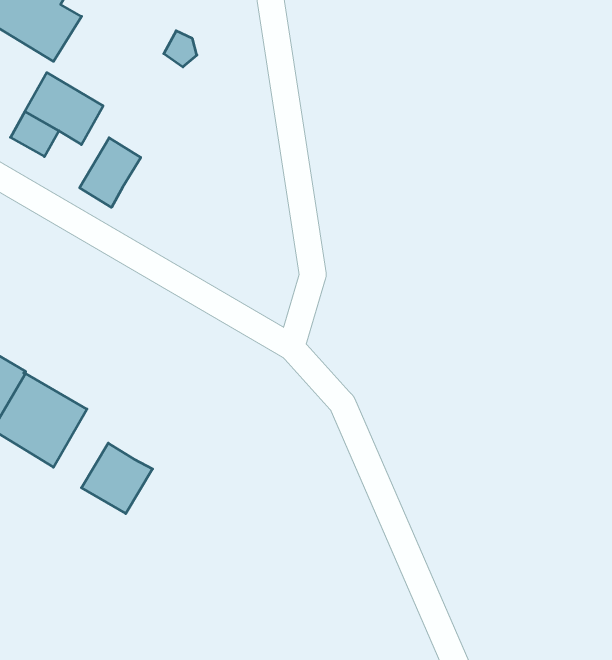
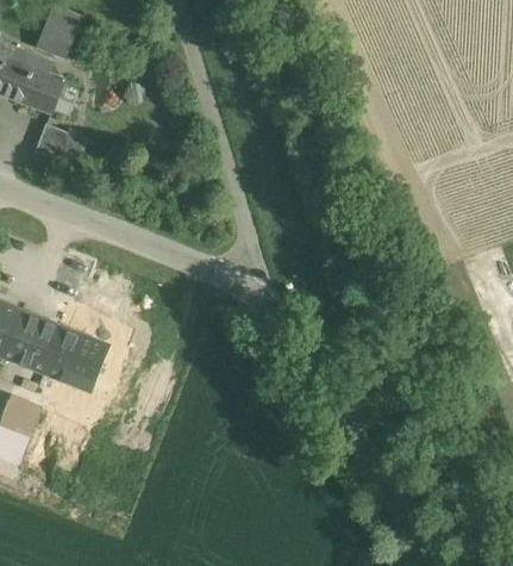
building: [80,138,141,207] -> none
building: [81,443,153,514] -> none

